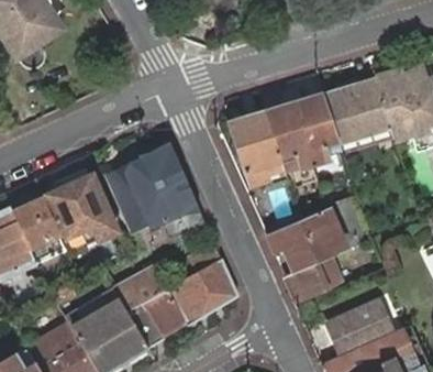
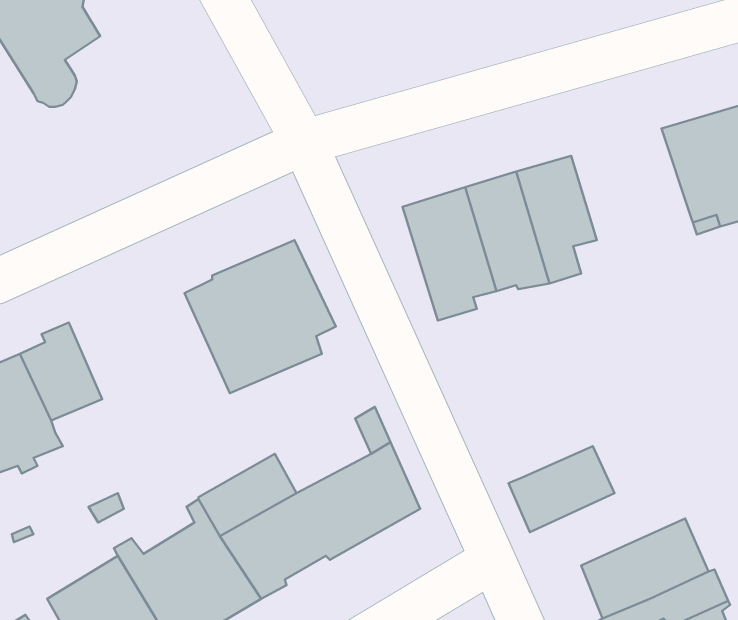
building: [324,80,391,145] -> none
building: [51,167,119,241] -> none
building: [268,210,348,276] -> none

